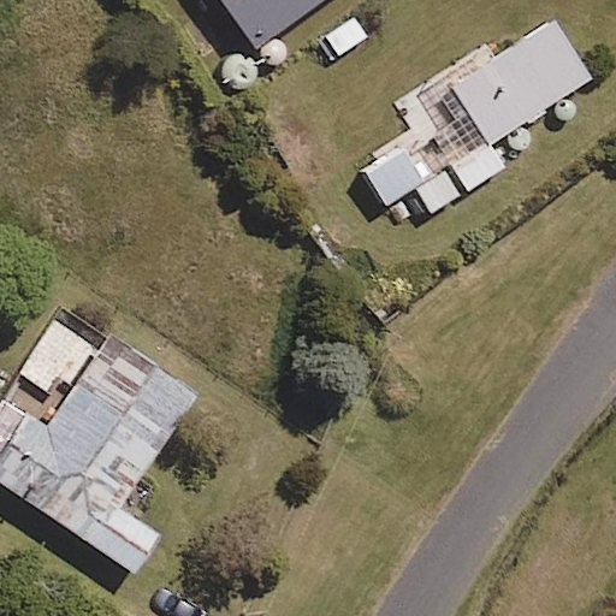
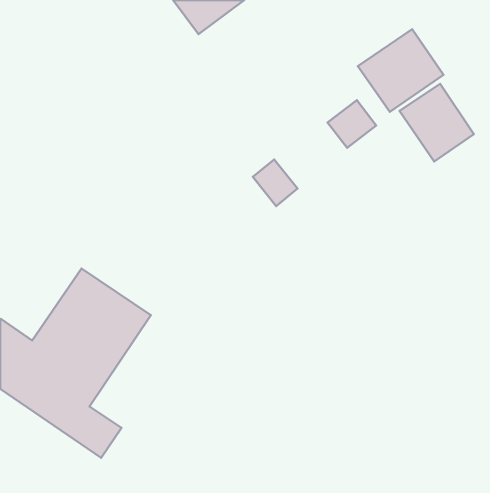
building: none -> [399,84,474,161]

